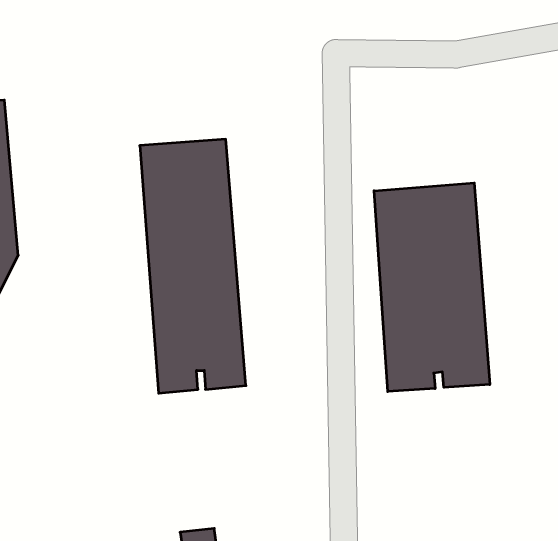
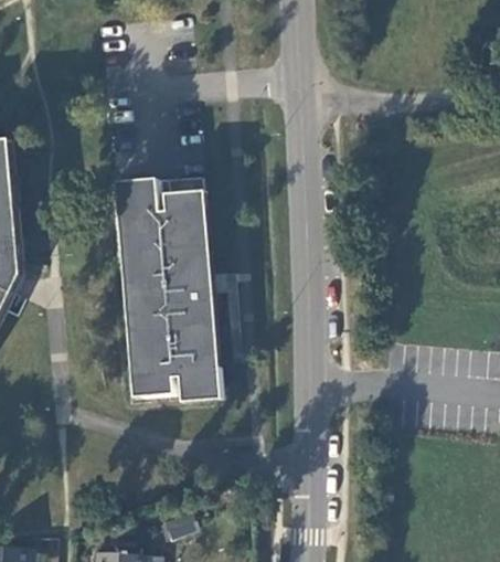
building: [374,183,490,392] -> none

